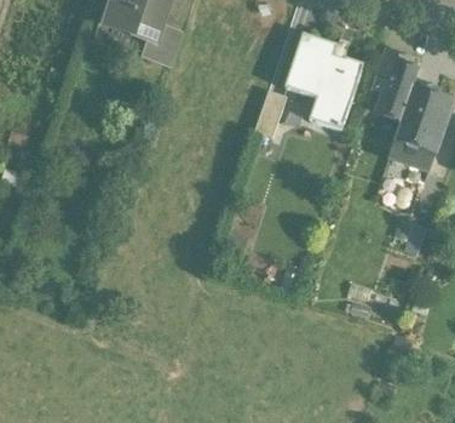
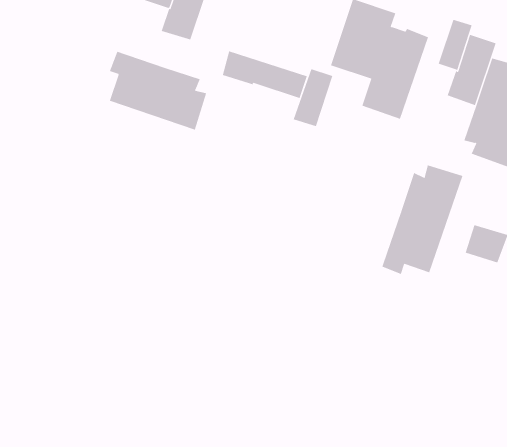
building: none -> [102,46,207,130]
building: none -> [222,51,307,99]
building: none -> [376,164,463,284]

